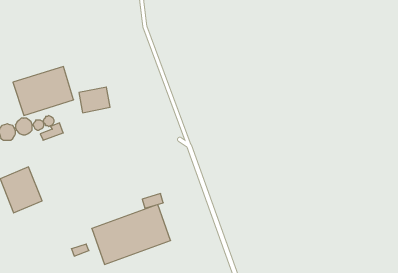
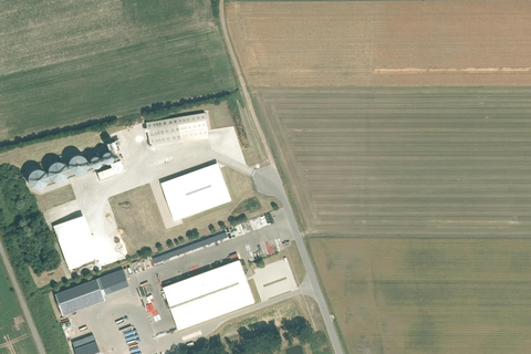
building: [13,67,74,115] -> [159,162,232,220]
building: none -> [55,269,131,315]

